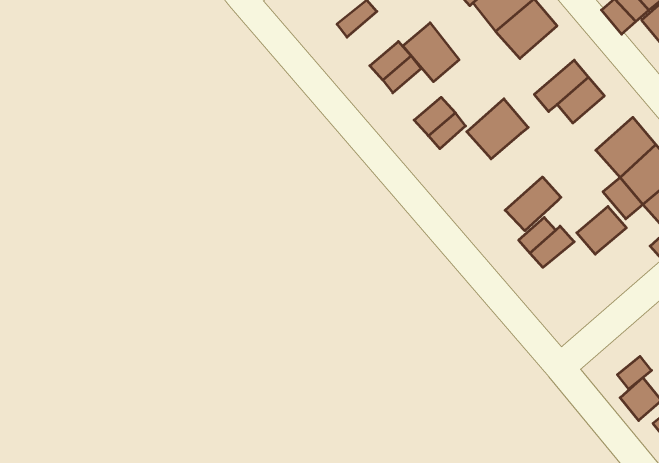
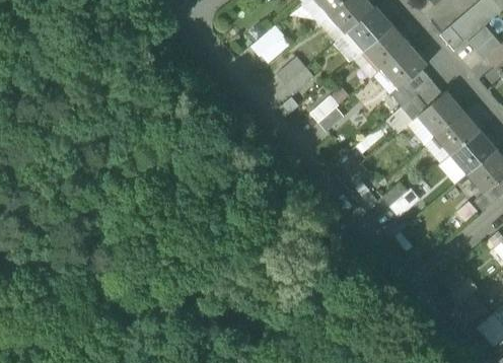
building: [403,23,459,82] -> none
building: none -> [420,91,462,134]
building: [467,99,528,159] -> [382,46,426,88]
building: [505,177,561,231] -> none
building: [577,206,626,254] -> none

